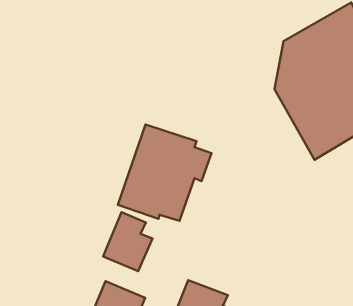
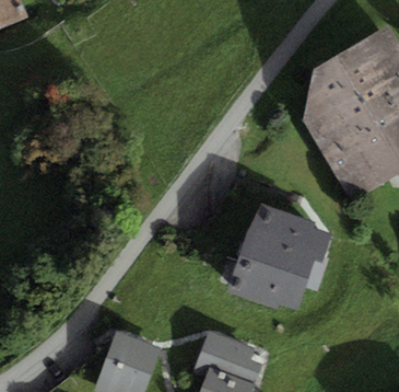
building: [118,124,211,221] -> [230,203,332,309]
building: [103,212,153,271] -> none

